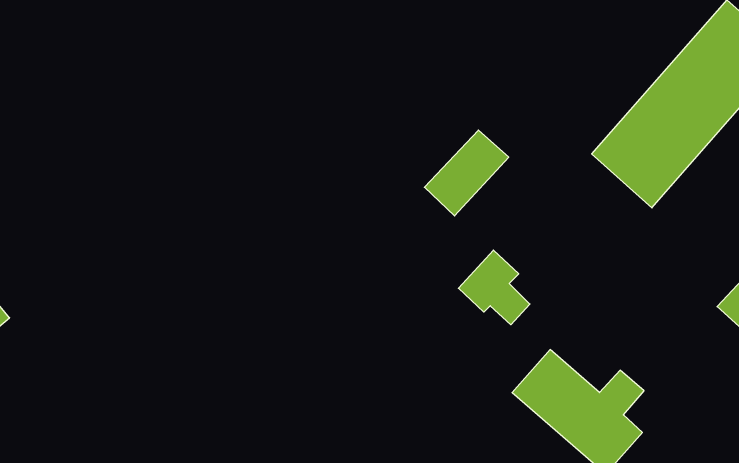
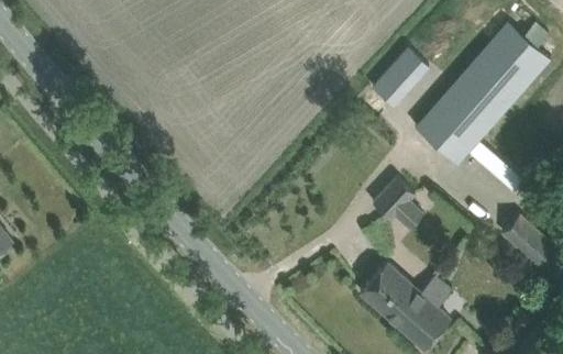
building: [424,130,509,216] -> [369,47,428,107]
building: [458,250,530,325] -> [373,178,422,230]

